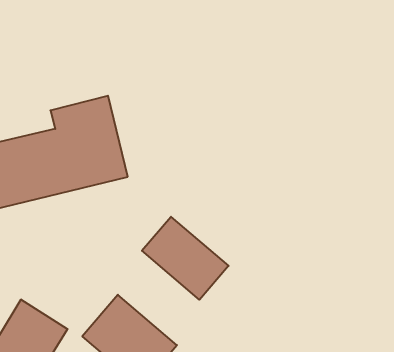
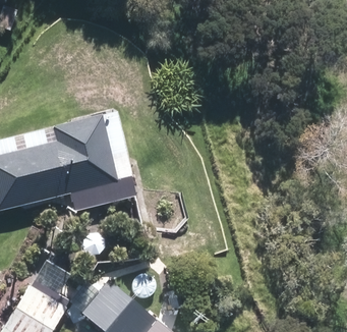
building: [142,217,229,300] -> none

